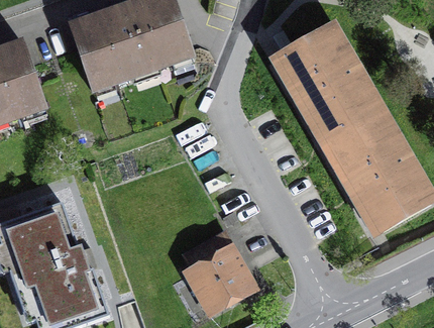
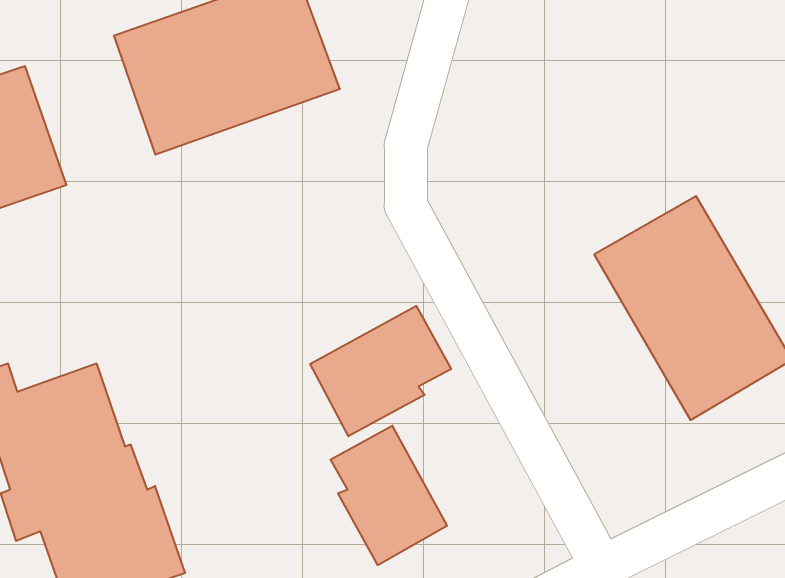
building: [277,25,383,144] -> none
building: none -> [310,306,451,436]

